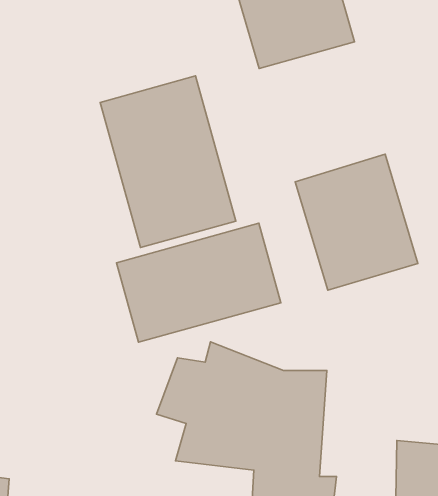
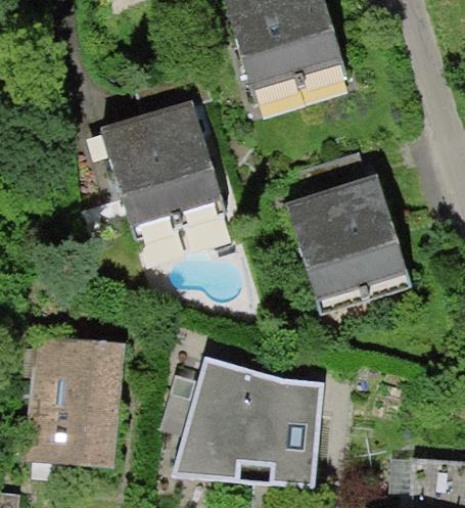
building: [116,223,281,342] -> none
building: none -> [21,336,122,466]

